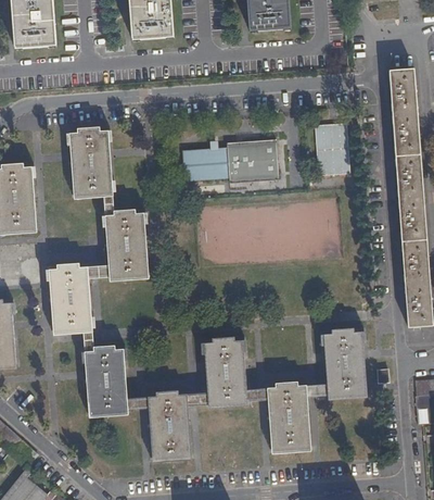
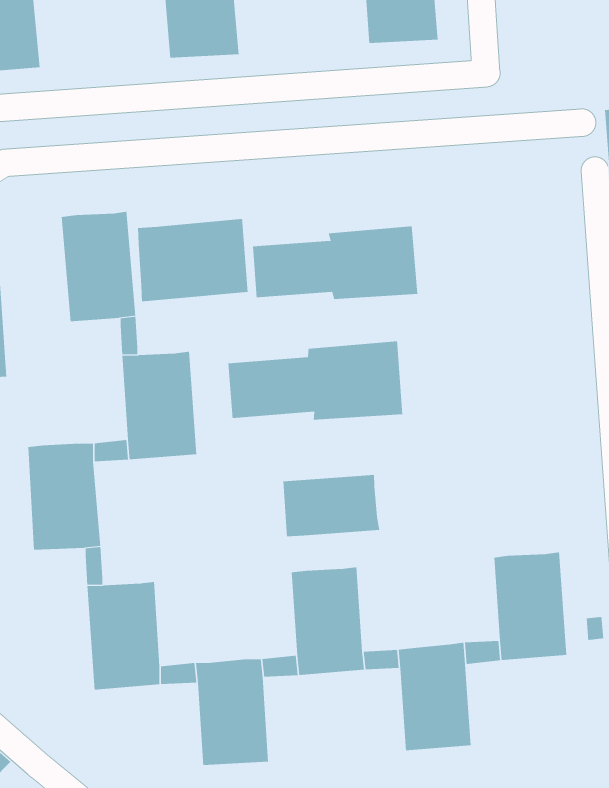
building: [314,123,349,176] -> none
building: none -> [137,218,248,302]
building: none -> [228,340,403,421]
building: none -> [283,474,380,537]

